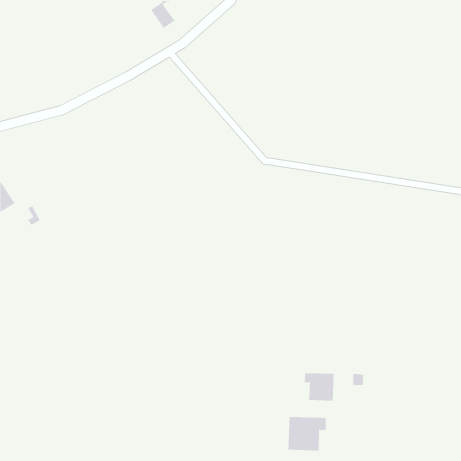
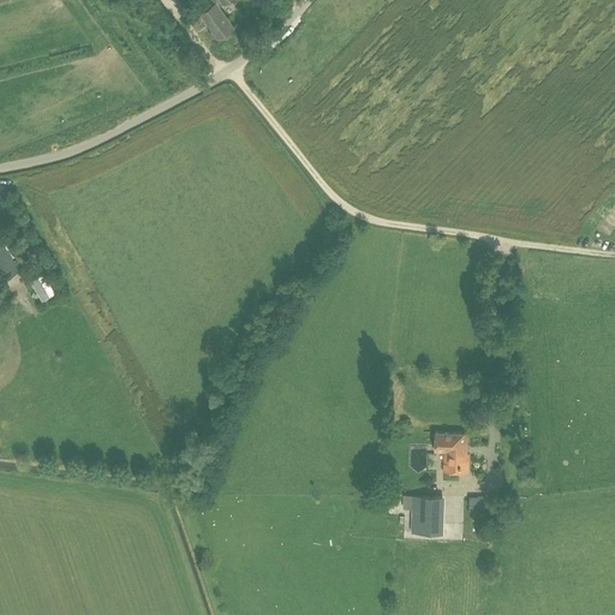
building: none -> [434,434,468,473]
building: [287,416,327,451] -> none

